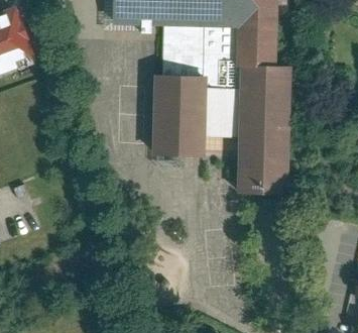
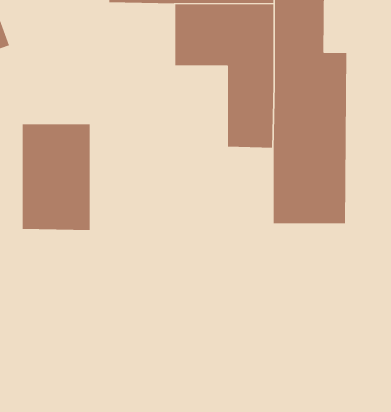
building: [151,72,203,151] -> [22,124,91,230]

